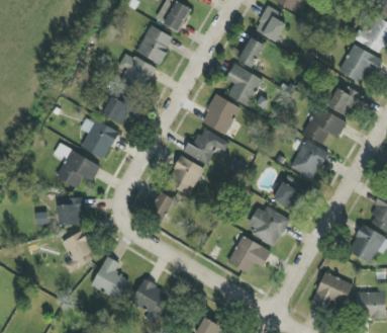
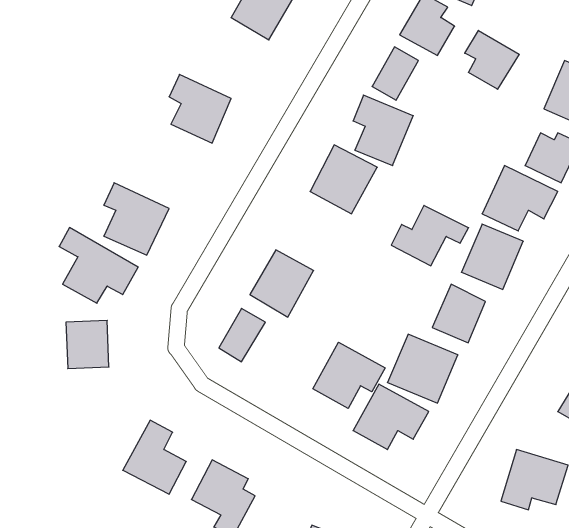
building: [135,25,173,64] -> none
building: none -> [465,30,519,89]
building: [102,96,133,124] -> none
building: [183,129,228,164] -> [391,205,469,266]
building: none -> [313,342,385,408]
building: [62,231,97,273] -> none

